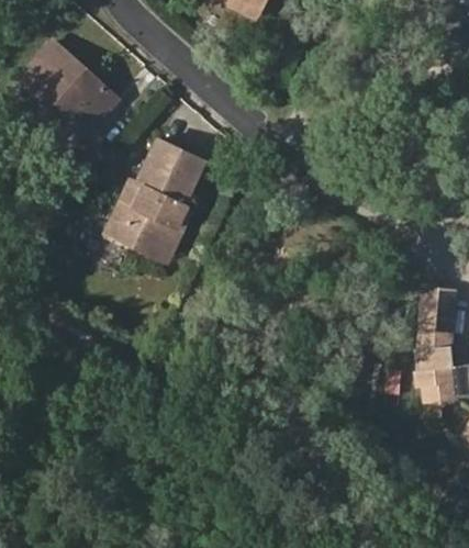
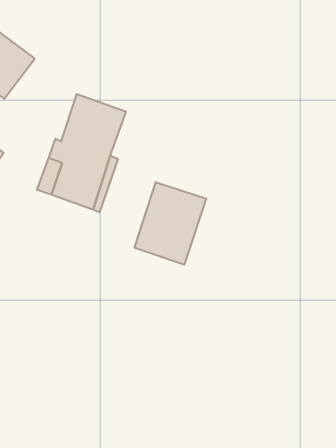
building: none -> [135,182,206,265]

